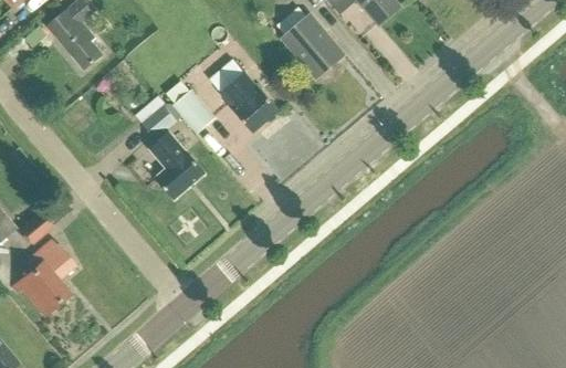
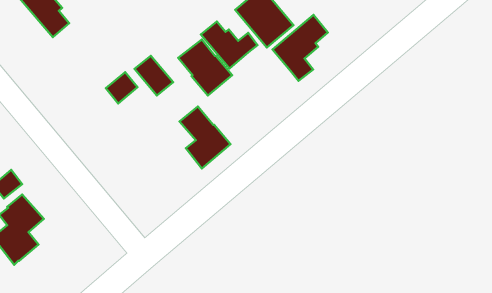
building: none -> [273,15,328,81]
building: none -> [201,22,258,68]
building: [148,132,203,199] -> [180,106,231,169]

